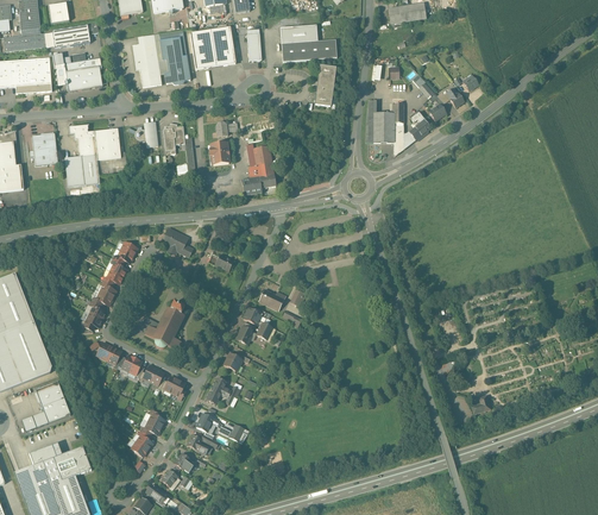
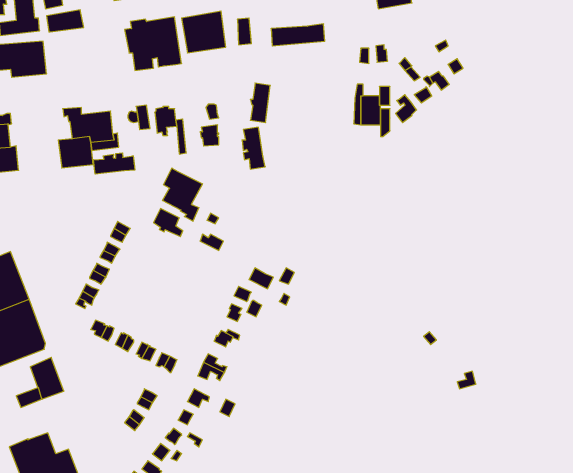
building: [281,25,319,44] -> none
building: [64,58,102,92] -> none
building: [315,65,335,106] -> [250,83,270,123]
building: [30,133,57,165] -> none
building: none -> [94,153,135,174]
building: none -> [163,168,202,221]
building: [144,302,185,350] -> none
building: [29,442,92,479] -> none

